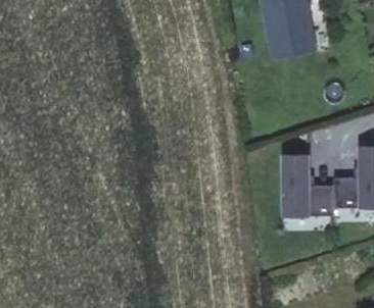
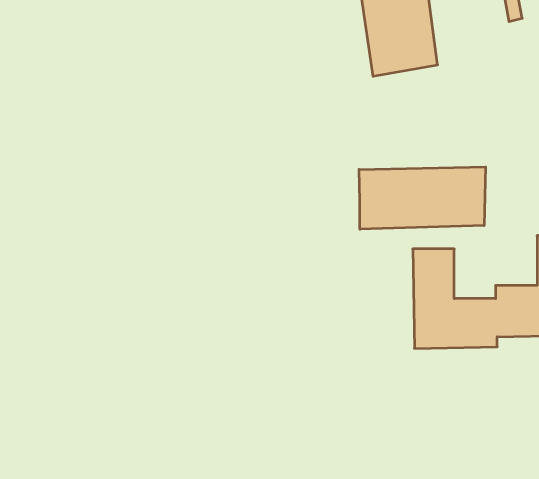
building: none -> [359,167,486,229]

